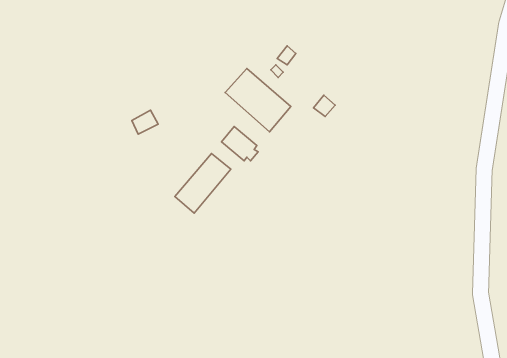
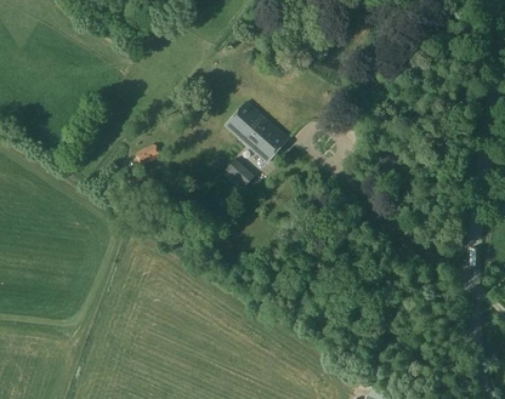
building: [175,153,231,213] -> none

